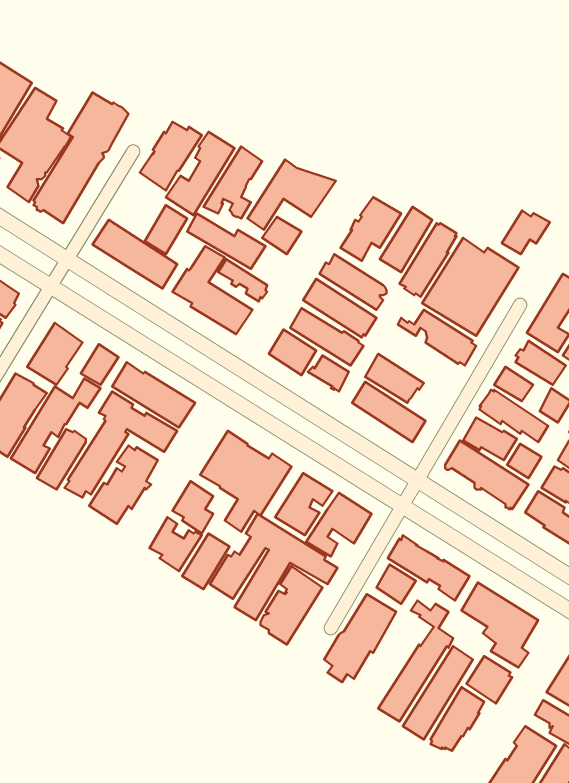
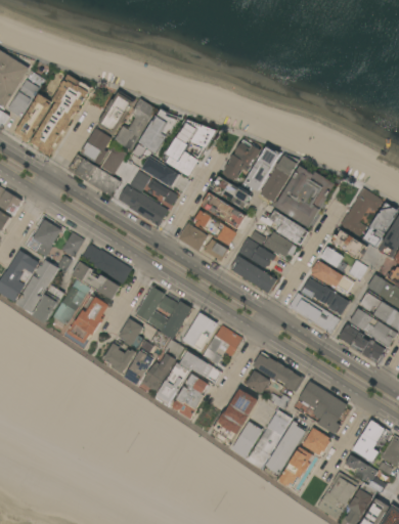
building: none -> [81,128,112,165]
building: [502,210,550,254] -> none
building: none -> [250,231,297,258]
building: none -> [231,422,263,458]

